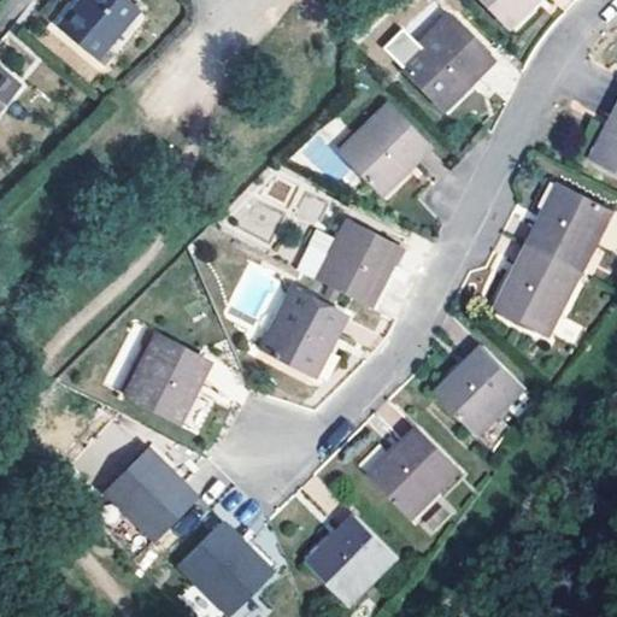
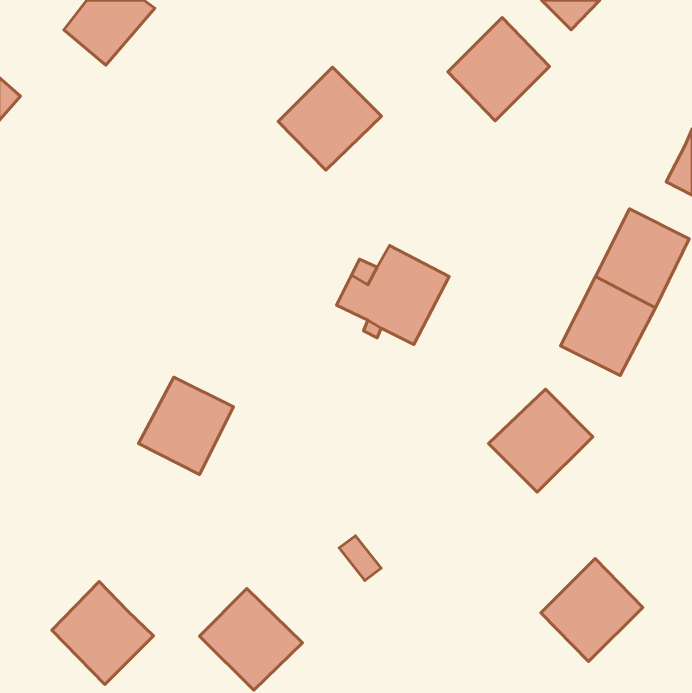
building: [336,102,428,194] -> [278,67,381,170]
building: [259,287,343,375] -> none
building: [370,428,460,519] -> [541,559,643,662]
building: [104,447,194,539] -> [52,581,154,685]
building: [307,516,399,606] -> none

